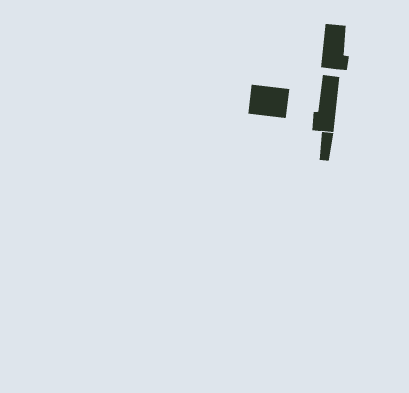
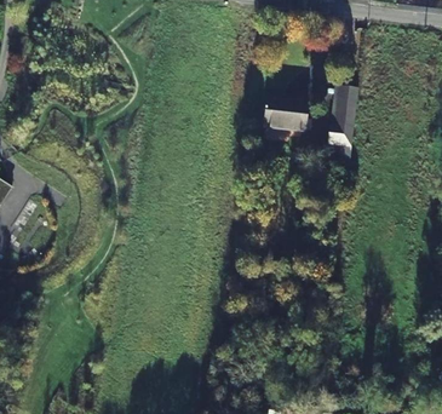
building: [321,23,350,71] -> none

